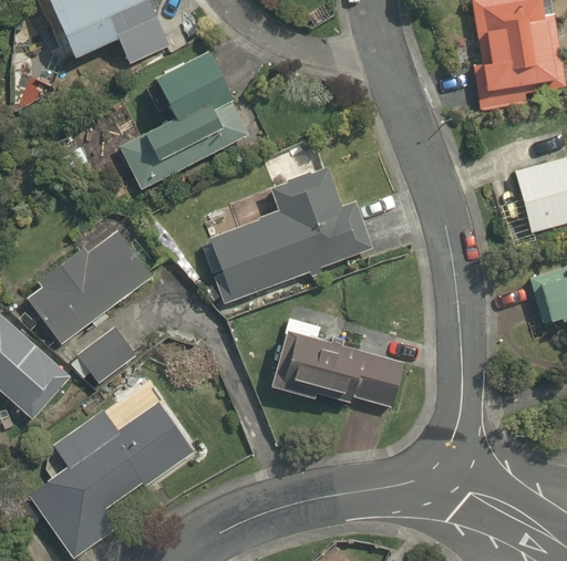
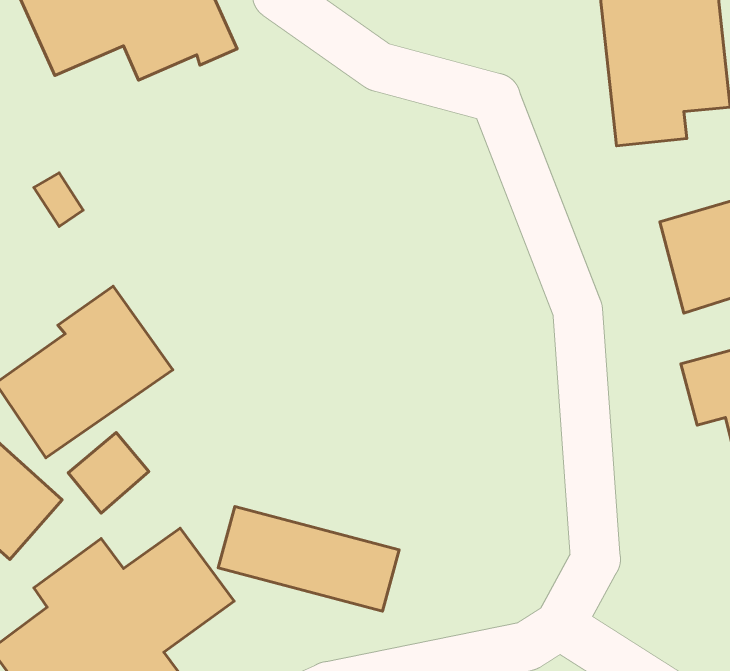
building: [121,42,254,190] -> none
building: [203,165,371,301] -> none
building: [270,331,404,408] -> [218,507,399,611]

